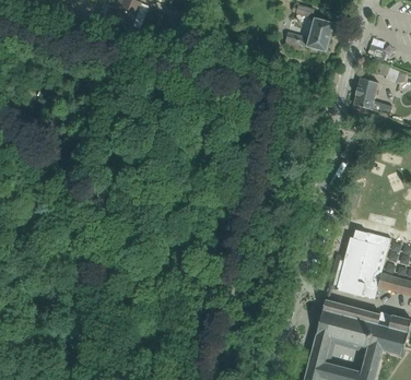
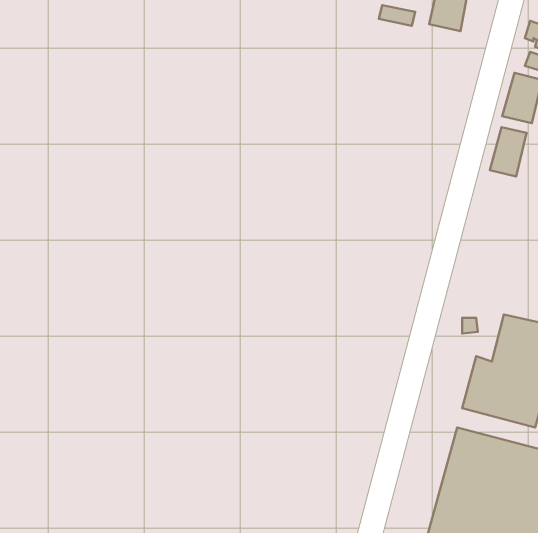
building: none -> [490,127,527,176]

